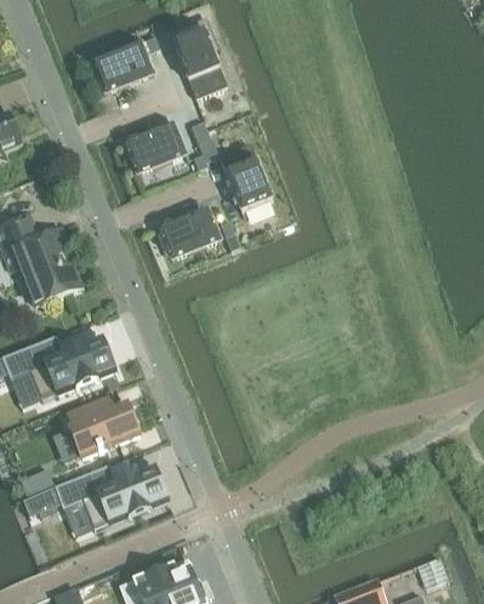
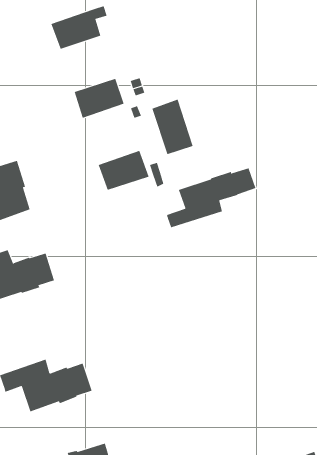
building: [173,30,227,98] -> none
building: none -> [167,167,256,228]
building: [67,394,138,456] -> none

